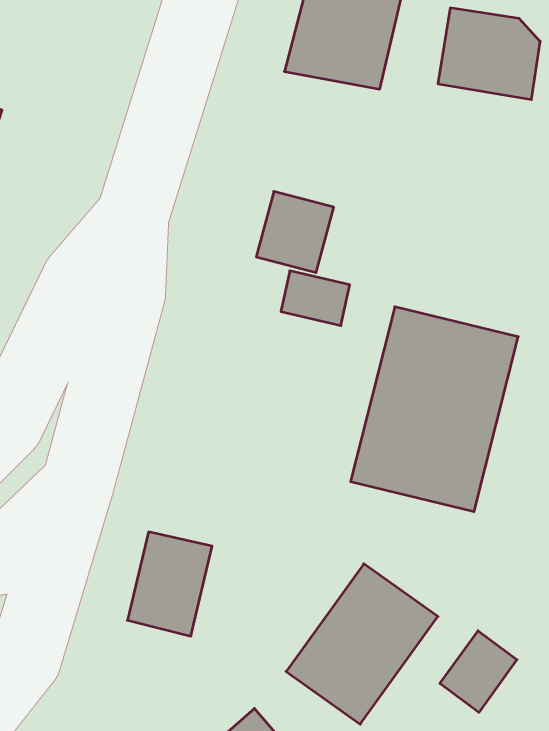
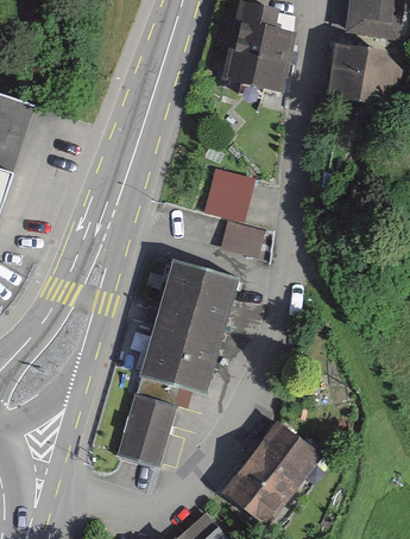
building: [351,307,518,512] -> [139,262,252,400]
building: [440,631,517,712] -> none

